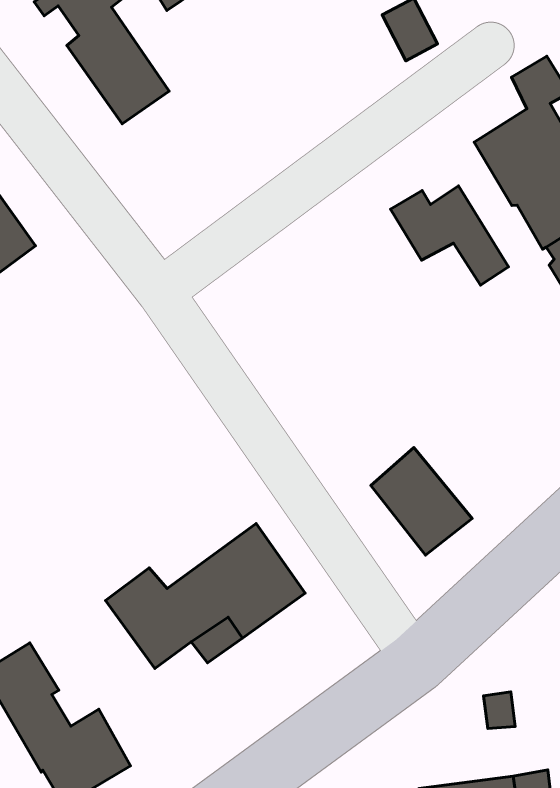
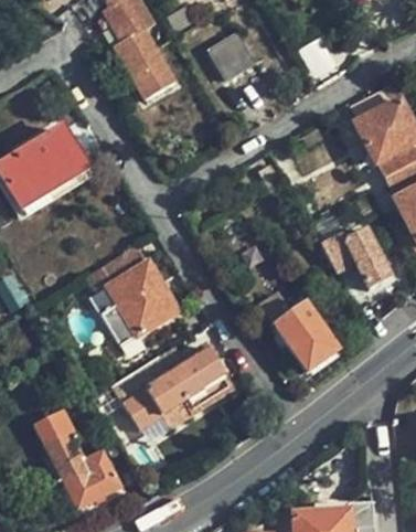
building: none -> [211,35,253,78]
building: [390,186,508,285] -> [318,224,386,285]
building: none -> [87,245,178,343]

